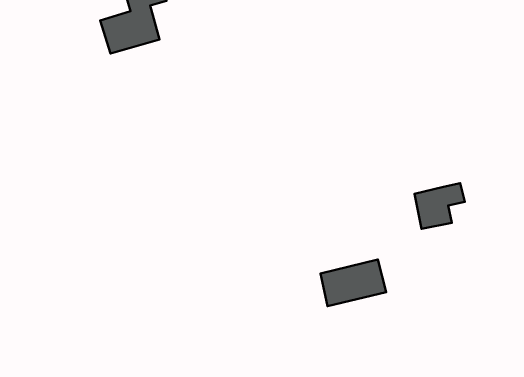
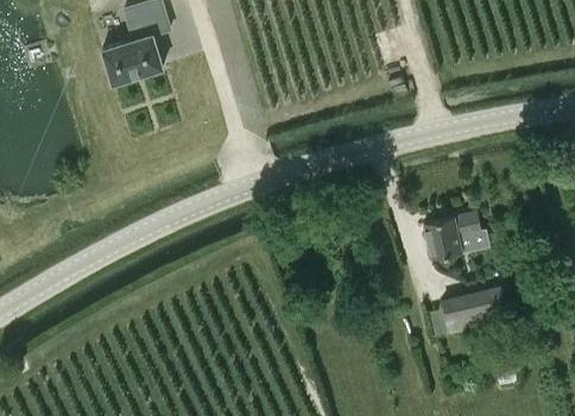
building: [321,259,386,306] -> [441,289,507,336]

